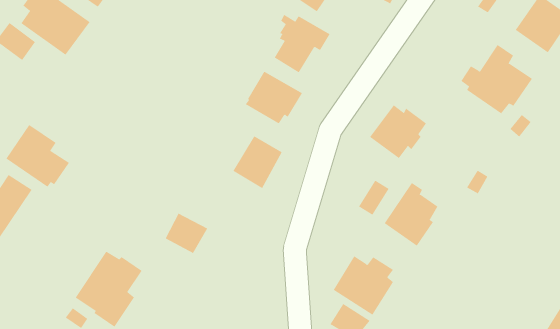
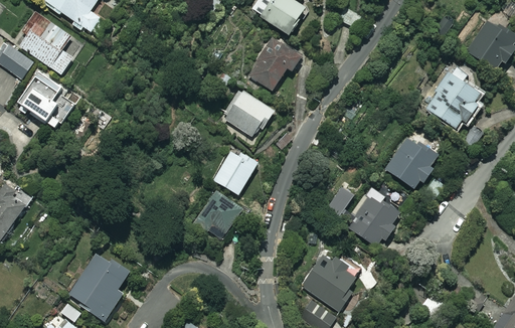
building: [369,104,427,159] -> [385,139,438,188]
building: [5,124,70,187] -> [16,69,74,127]
building: [165,213,208,254] -> [201,193,240,230]

